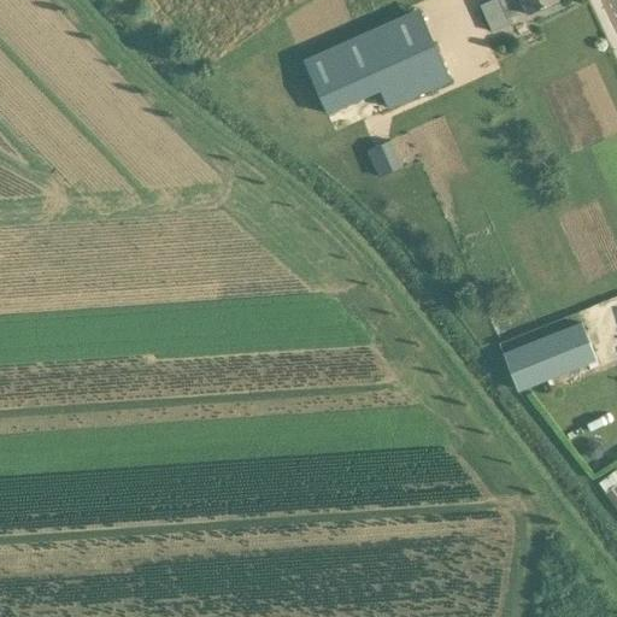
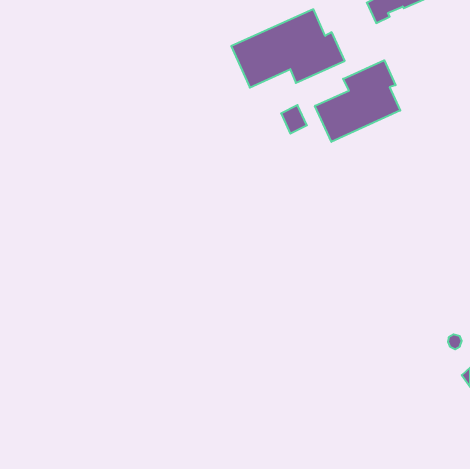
building: none -> [315,60,400,142]
building: [504,322,599,388] -> none

